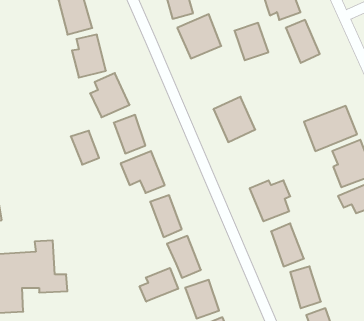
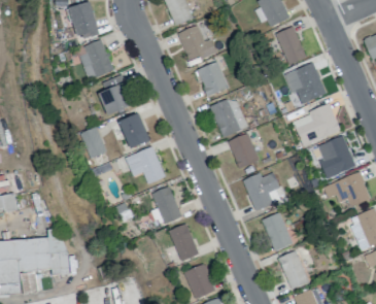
building: [234,23,268,60] -> [197,62,228,96]
building: none -> [284,63,327,104]
building: none -> [228,133,260,169]
building: [140,268,178,302] -> none

